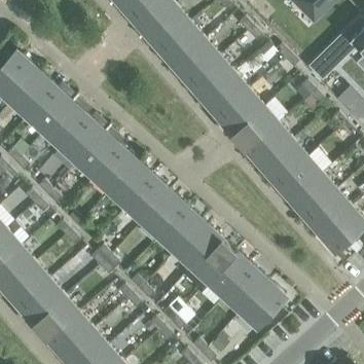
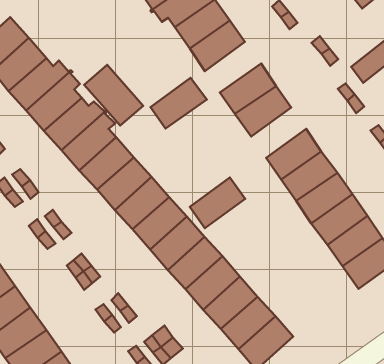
building: [187,56,233,100] -> [150,78,207,128]
building: none -> [84,65,143,126]
building: [231,106,277,150] -> [190,178,245,228]

